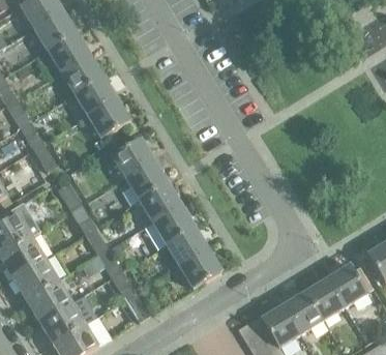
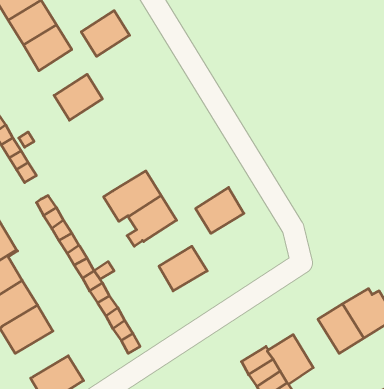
building: [60,54,102,94] -> [81,11,130,56]
building: [87,97,130,139] -> none
building: [112,139,154,178] -> none
building: [152,204,195,244] -> [196,187,244,233]
building: [178,248,221,289] -> none
building: [284,291,324,333] -> none
building: [39,301,86,343] -> none

